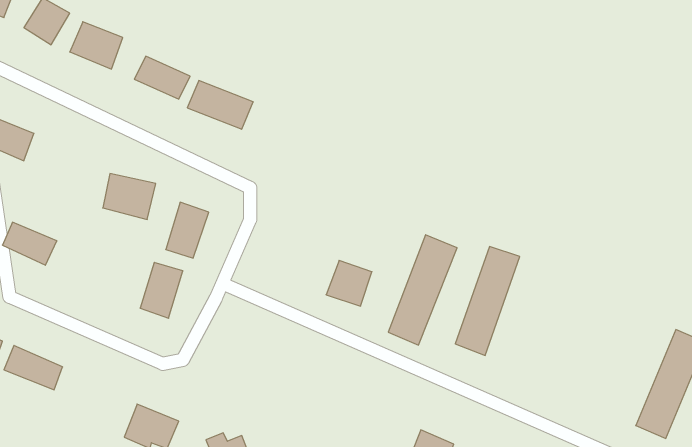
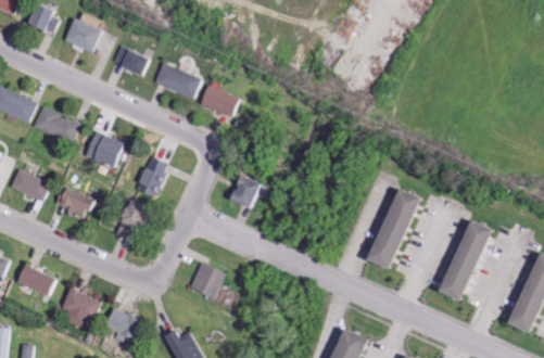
building: none -> [202,85,249,120]
building: none -> [36,110,85,143]
building: [388,235,457,345] -> [429,220,481,304]
building: none -> [59,187,102,220]
building: [326,260,372,306] -> [235,176,269,210]
building: none -> [194,264,231,301]
building: none -> [68,290,107,333]

